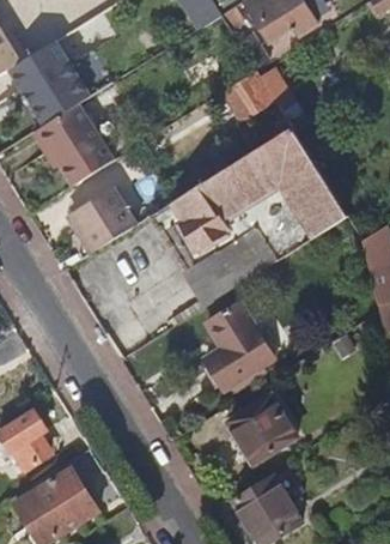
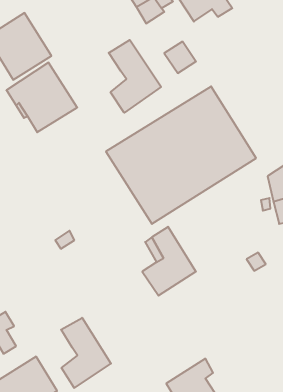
building: none -> [109,40,161,113]
building: [85,175,157,243] -> none
building: [227,395,295,463] -> none
building: none -> [61,318,111,388]

